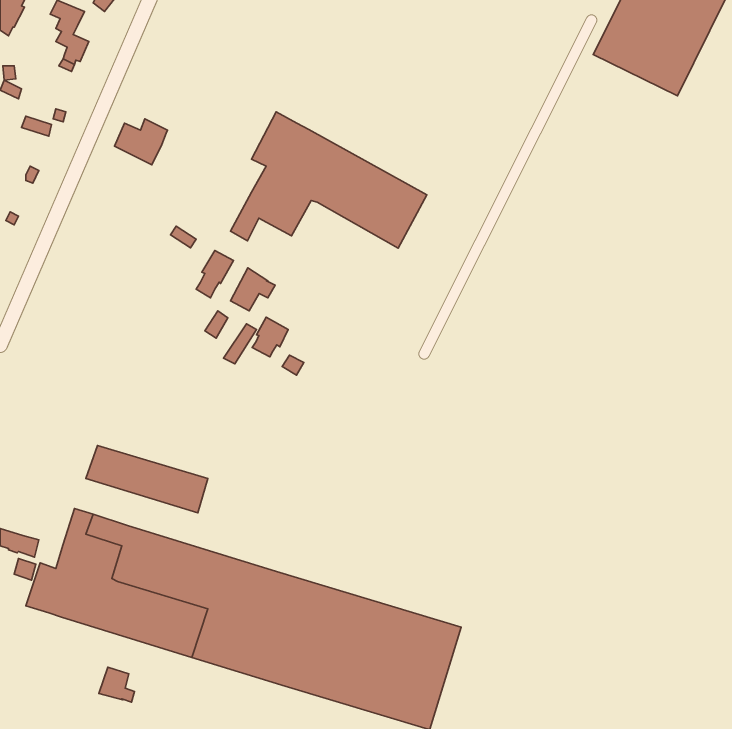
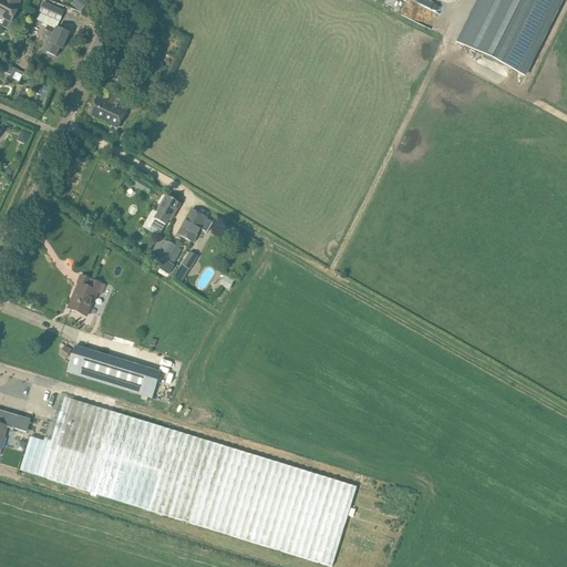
building: [231,112,427,248] -> none
building: [252,317,288,357] -> none
building: none -> [70,272,102,315]
building: [99,667,135,702] -> none

